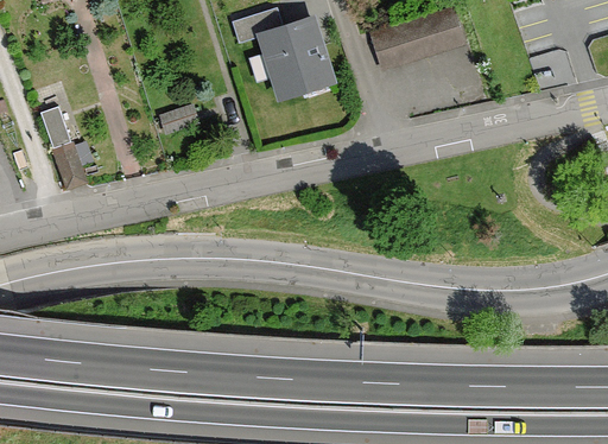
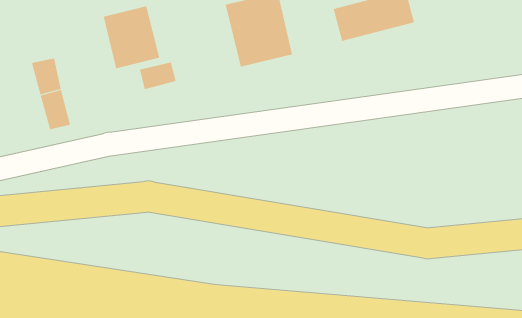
building: none -> [103,6,160,69]

